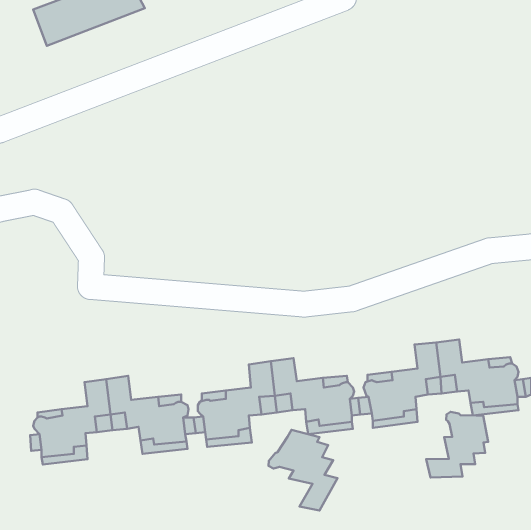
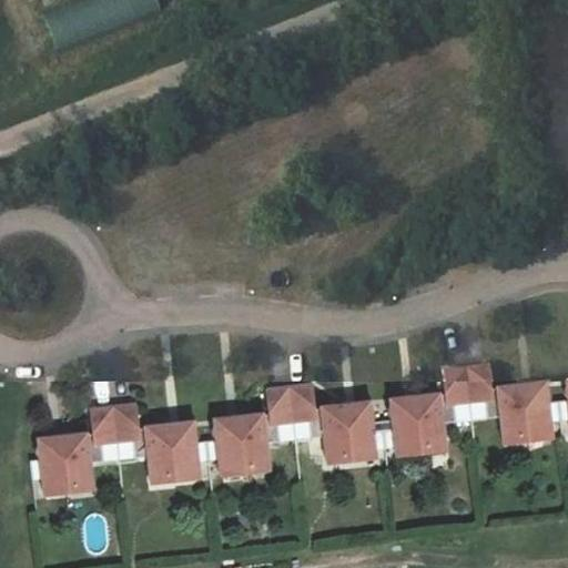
building: [426,412,488,477] -> none
building: [269,430,338,511] -> none

